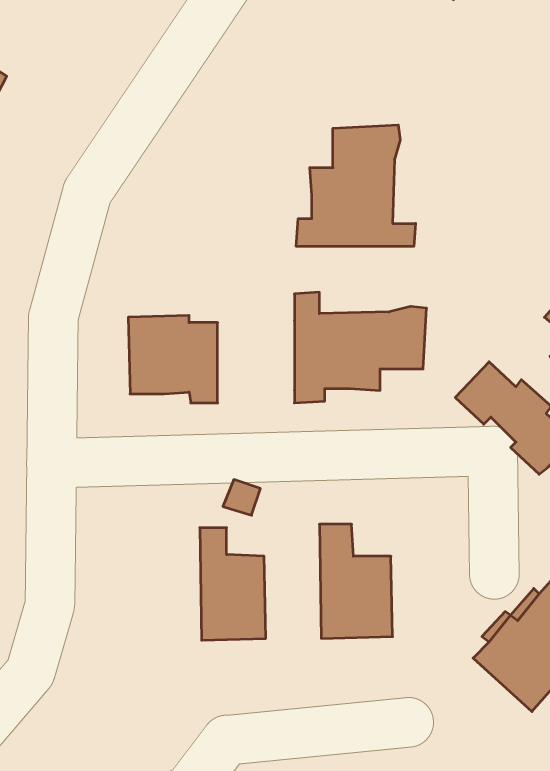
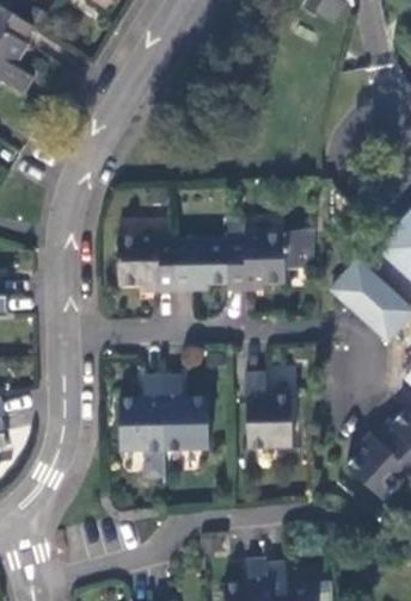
building: [296,125,416,246] -> none
building: none -> [176,238,227,293]
building: none -> [118,377,165,481]

